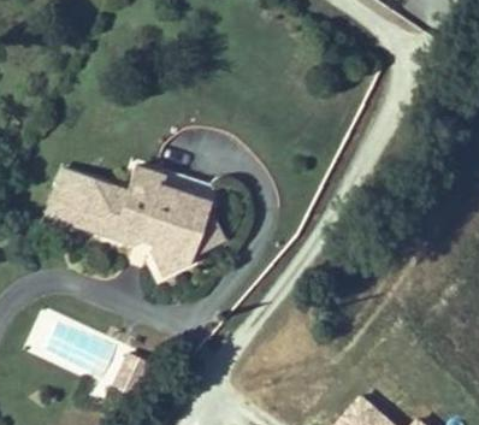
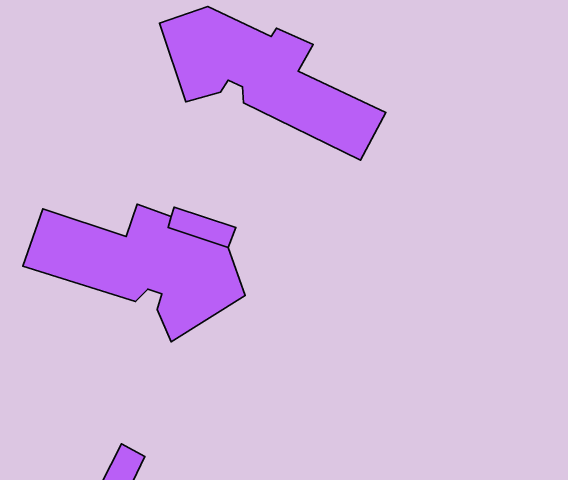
building: none -> [159,7,386,160]

